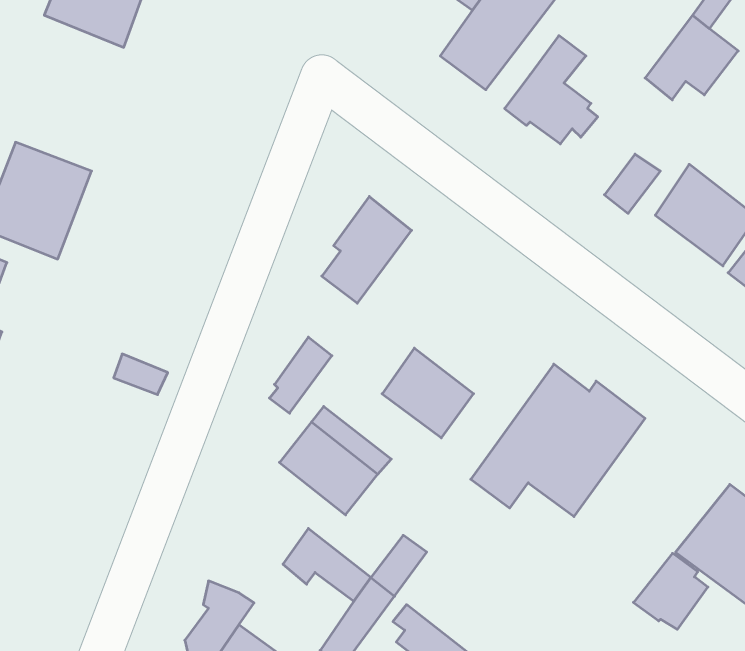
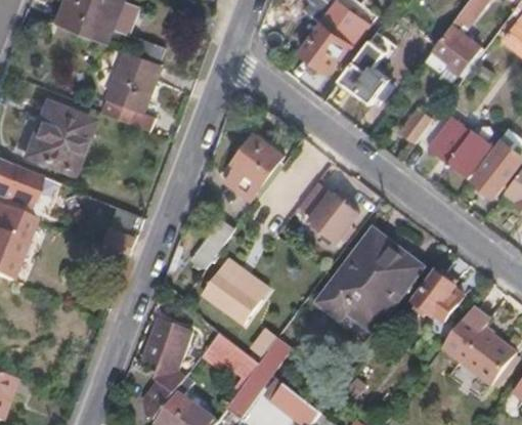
building: none -> [106,50,161,130]
building: [382,348,474,438] -> [303,185,358,240]
building: none -> [140,318,190,373]
building: [633,553,708,629] -> [415,274,460,321]

